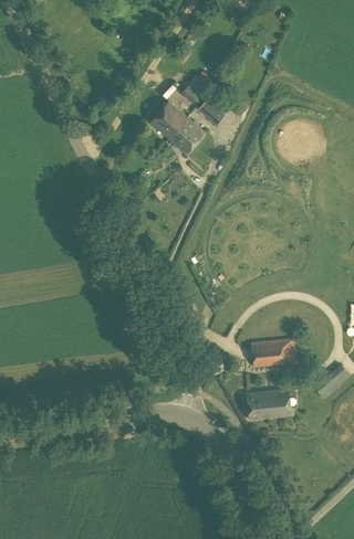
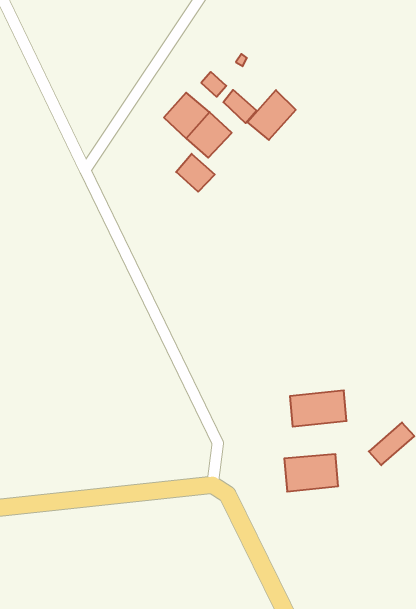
building: none -> [248,90,296,140]
building: none -> [176,154,215,192]

